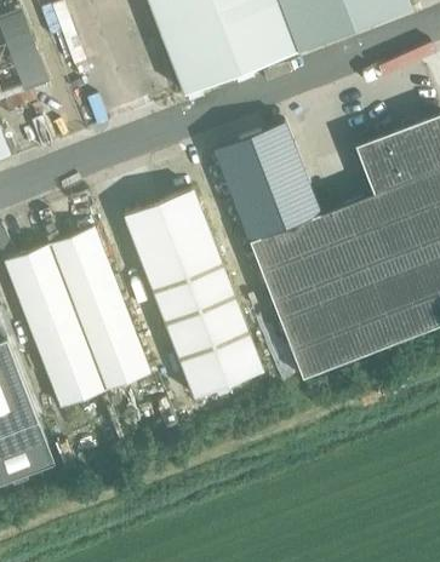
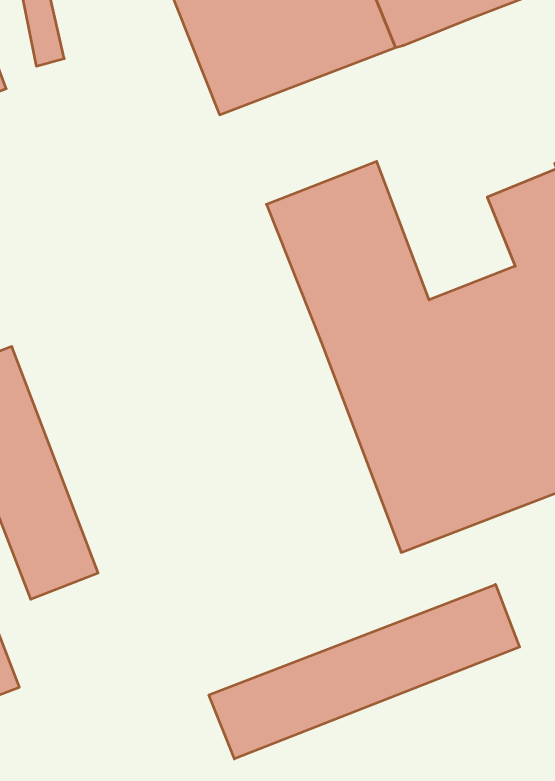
building: [124,190,263,398] -> none
building: [50,228,150,391] -> none
building: none -> [209,584,520,759]

